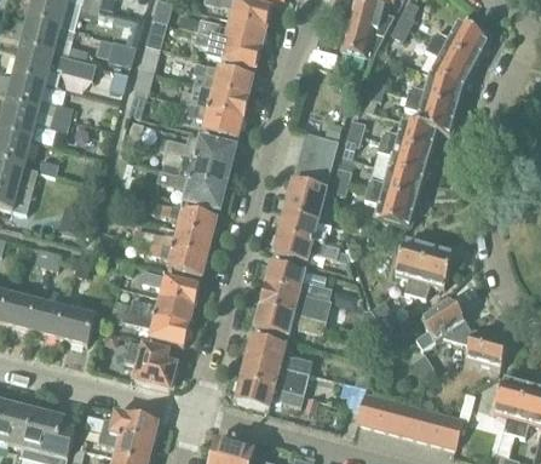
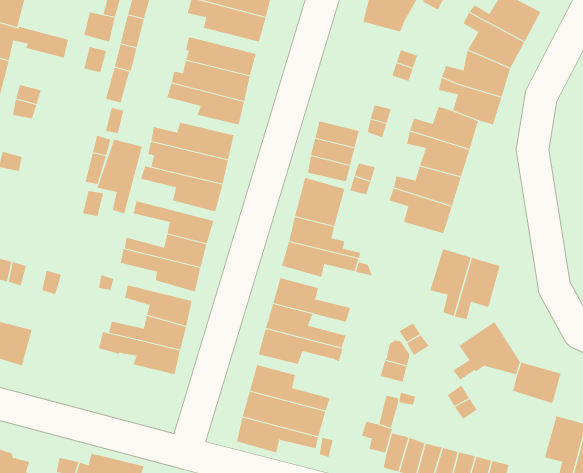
building: none -> [97,139,142,214]
building: [57,307,93,344] -> none
building: [123,339,175,386] -> none

